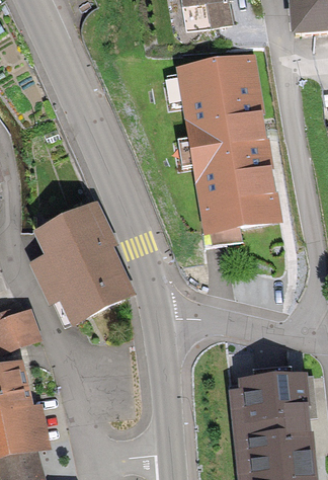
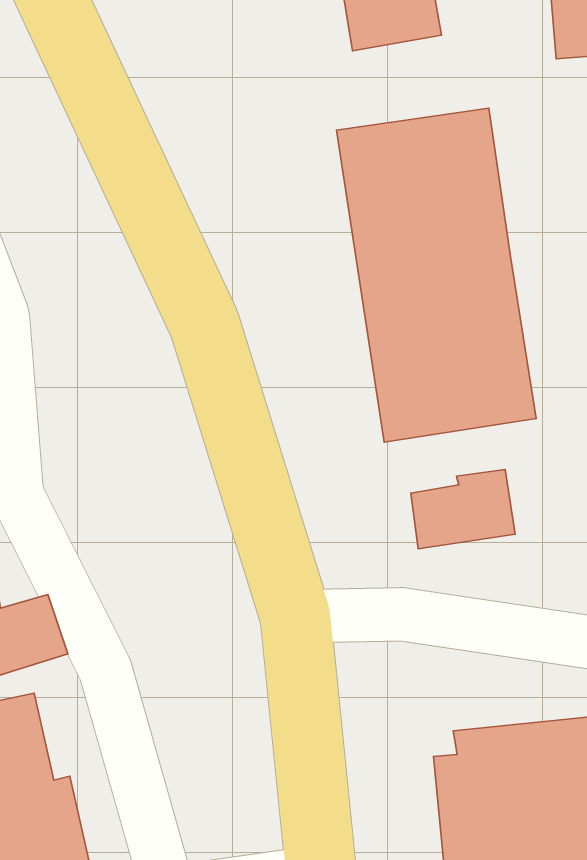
building: [29,201,135,323] -> none
building: none -> [411,470,515,549]

